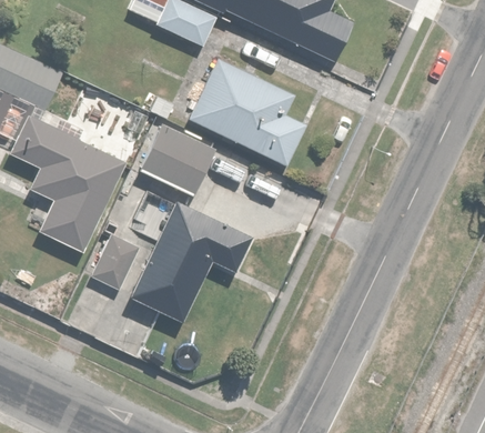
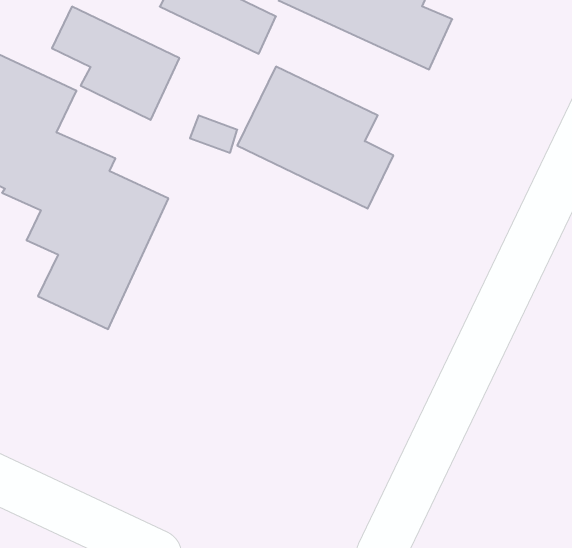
building: [117,110,215,198] -> [52,7,179,120]
building: [91,201,251,322] -> none

